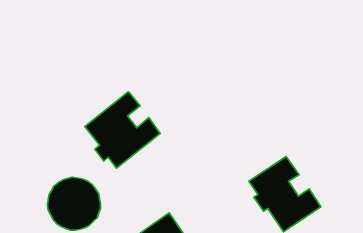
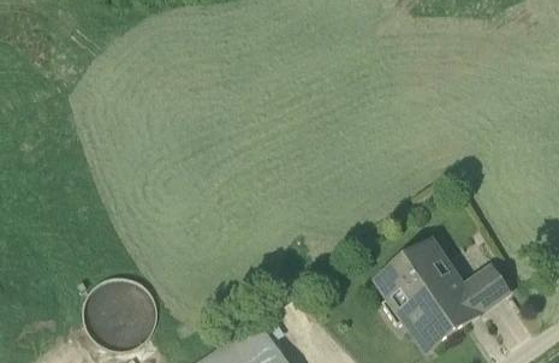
building: [85,92,160,168] -> none
building: none -> [460,268,505,311]

